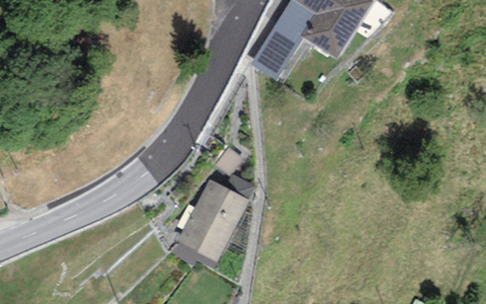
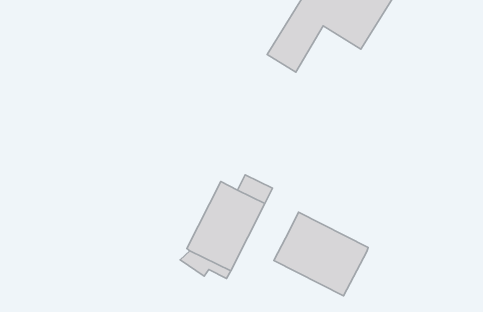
building: none -> [274,212,368,296]

